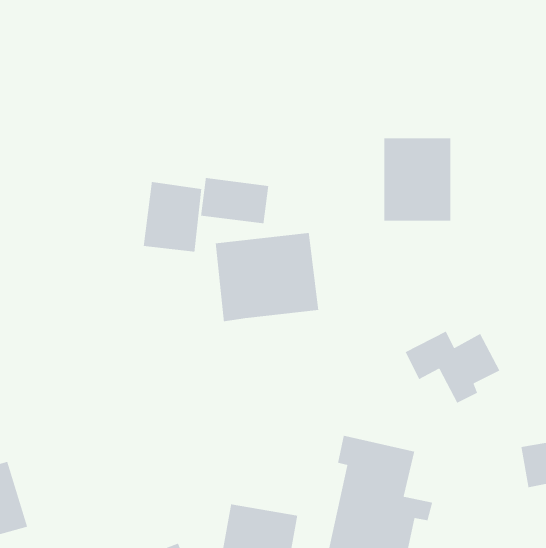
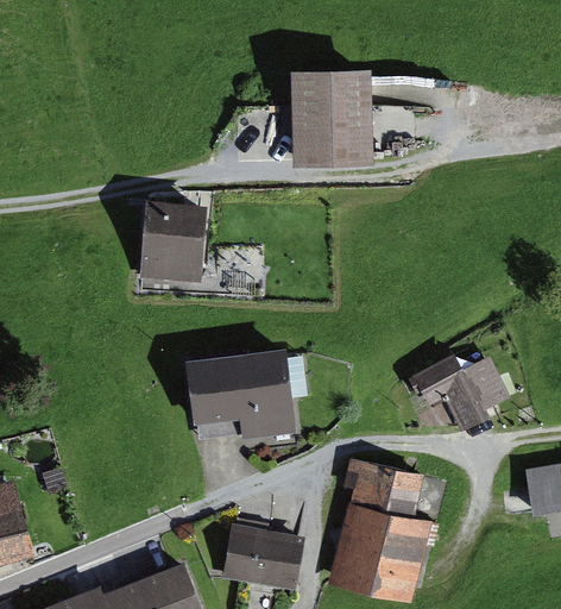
building: [384,137,451,222] -> [305,73,373,157]
building: [200,177,269,224] -> none
building: [215,232,319,322] -> [184,352,289,442]

